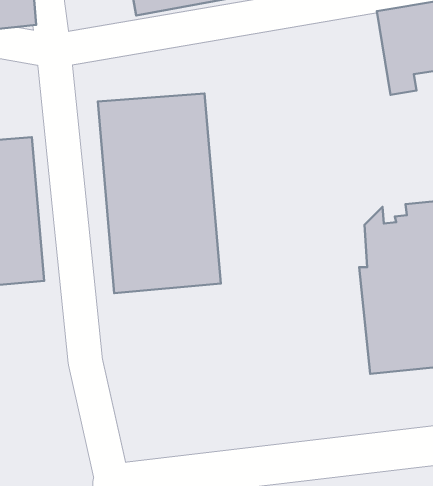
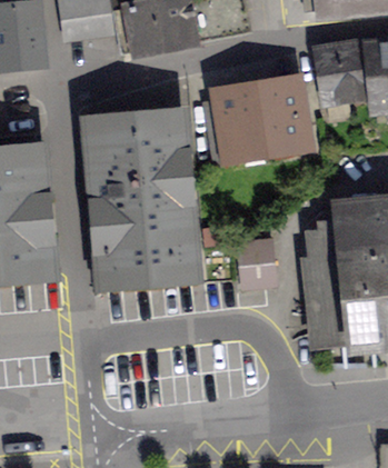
building: none -> [221,84,306,162]
building: none -> [240,241,271,285]

